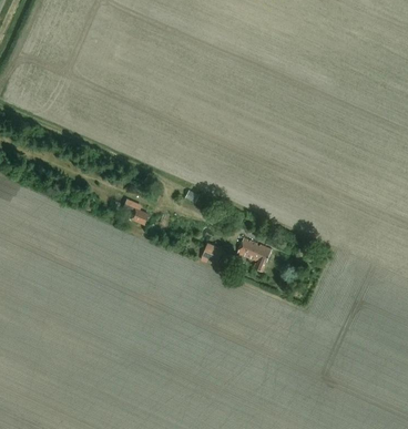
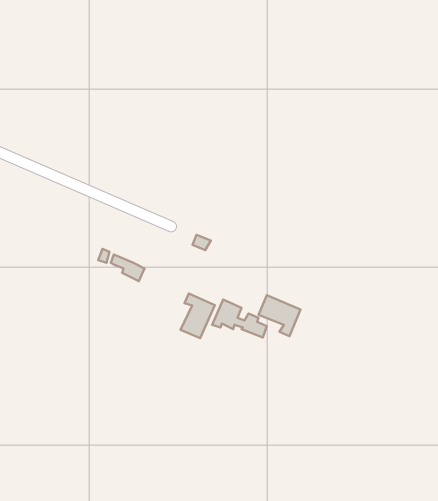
building: none -> [181,293,215,338]

